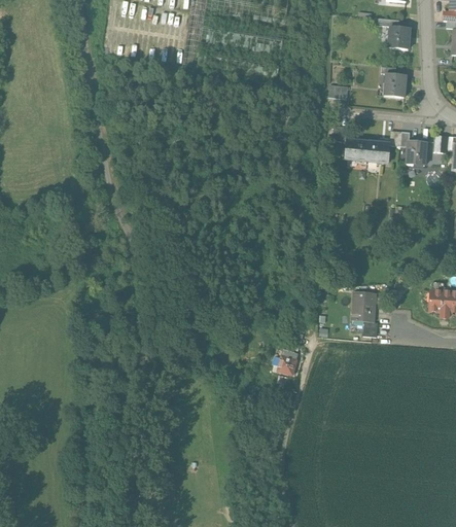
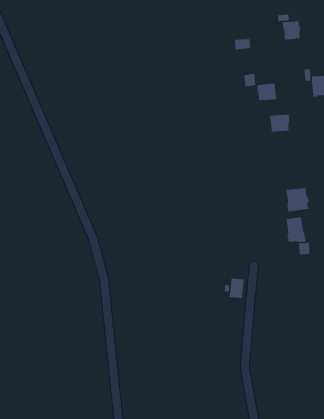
building: [366,141,390,163] -> [269,114,291,132]
building: none -> [286,187,310,213]

